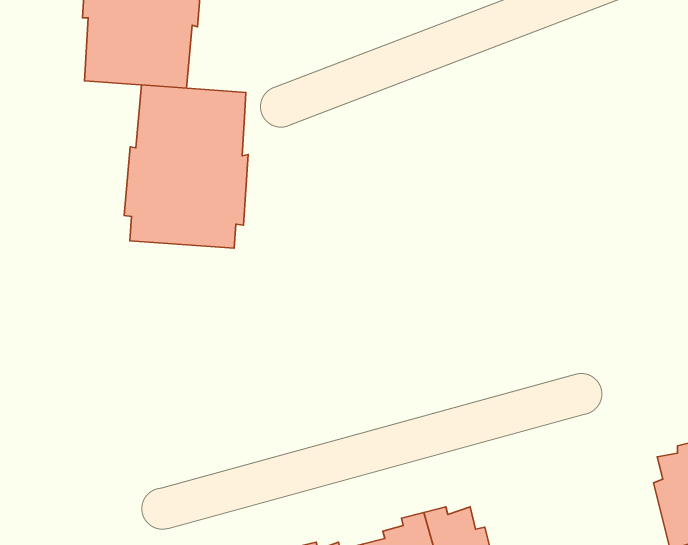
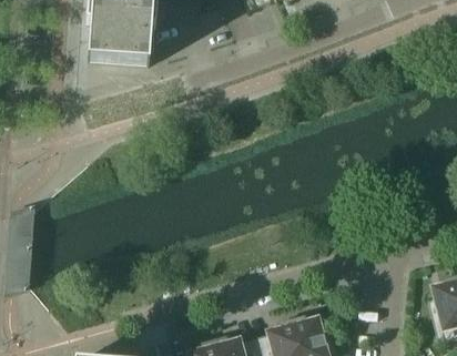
building: [124,85,248,248] -> none

